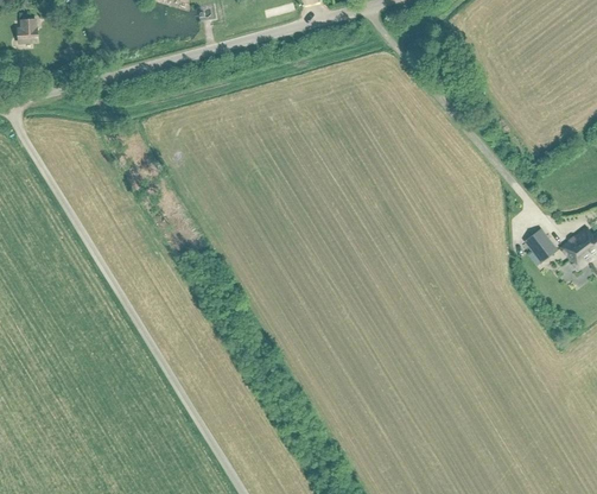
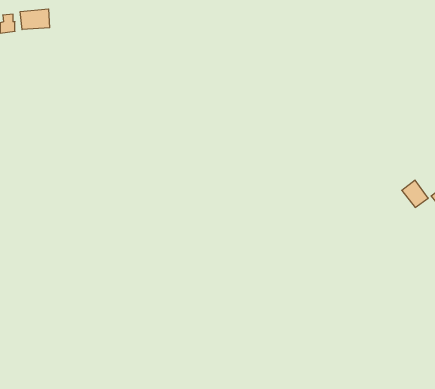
building: none -> [20,9,50,30]

